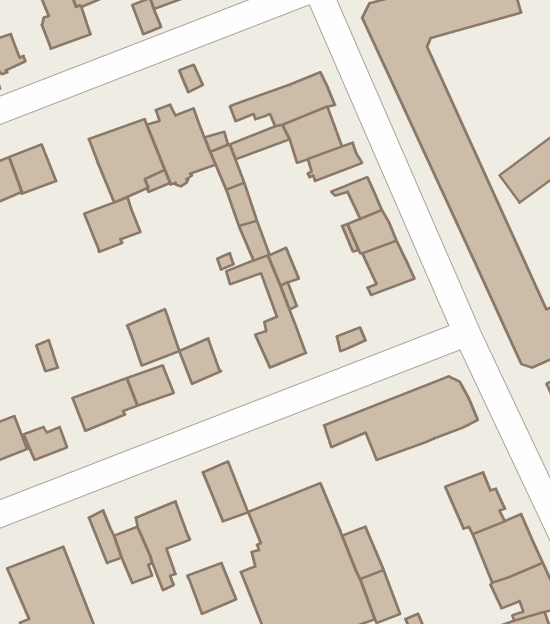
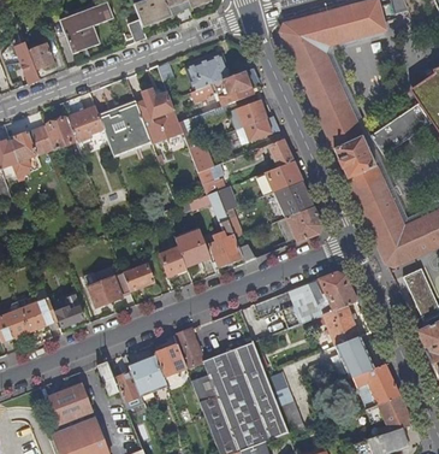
building: none -> [185,53,231,90]
building: [84,197,140,252] -> [66,106,103,142]
building: none -> [285,206,322,242]
building: [127,309,180,365] -> [174,229,209,266]
building: none -> [322,305,360,344]
building: [187,563,236,614] -> [154,343,186,377]

